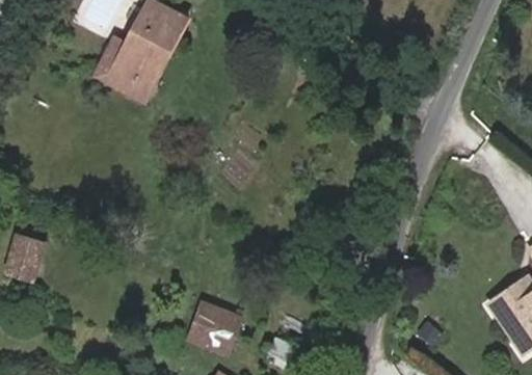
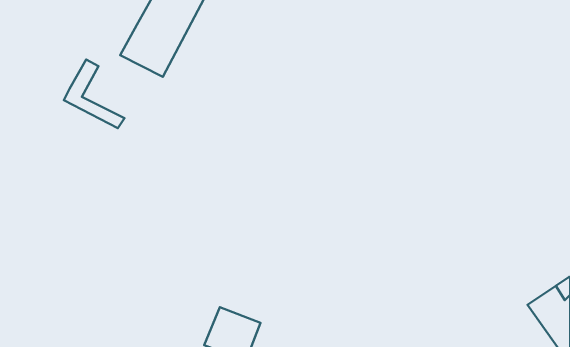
building: [95,36,151,100] -> [64,60,124,128]
building: [5,235,44,279] -> none

